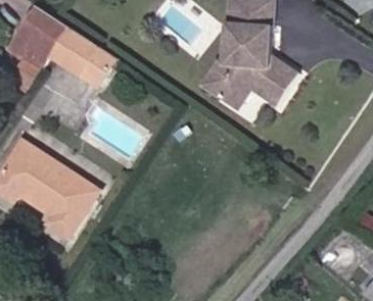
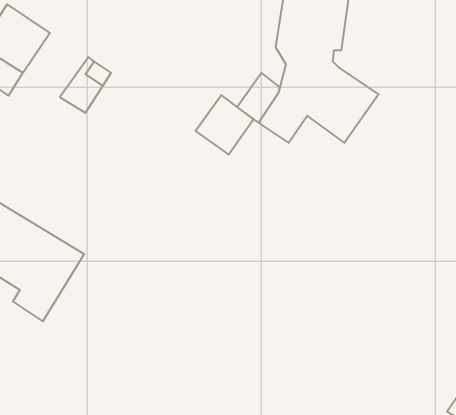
building: [43,26,90,71] -> none
building: none -> [195,95,253,155]

